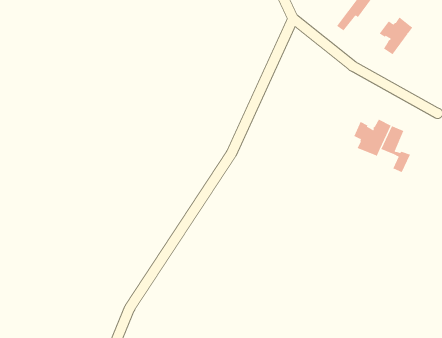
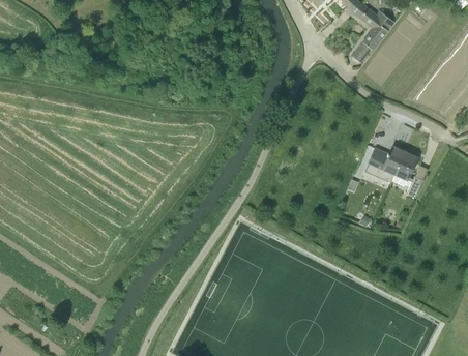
building: [379,16,413,55] -> none

